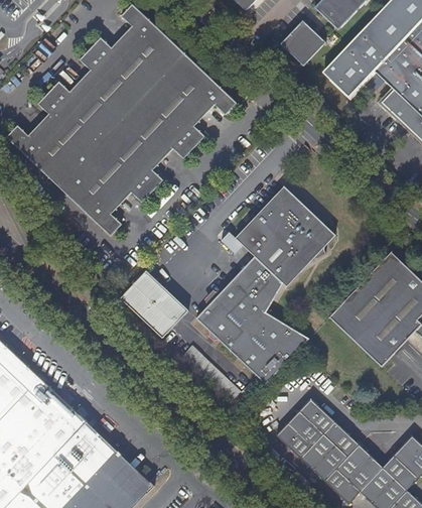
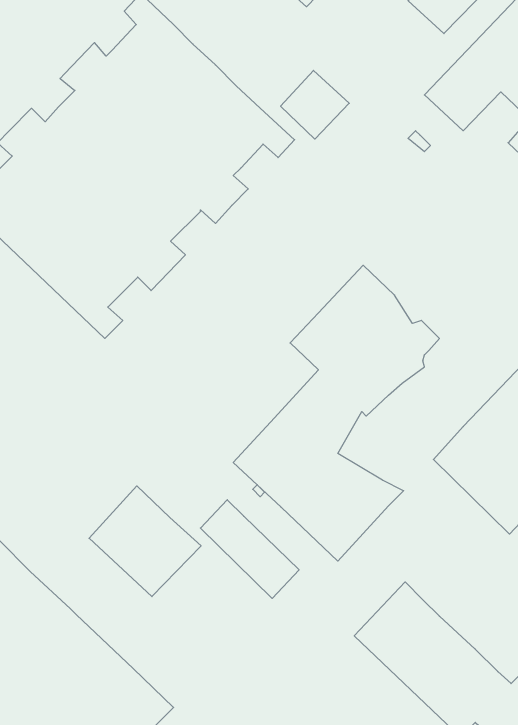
building: [279,21,325,68] -> [281,70,349,139]
building: [112,271,187,346] -> [89,486,201,597]

